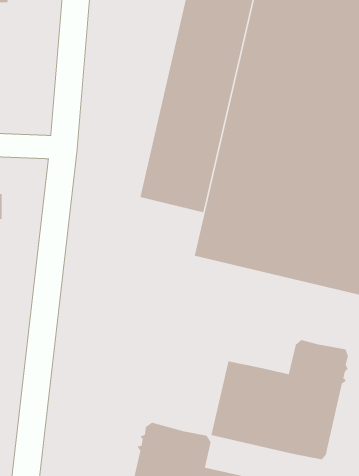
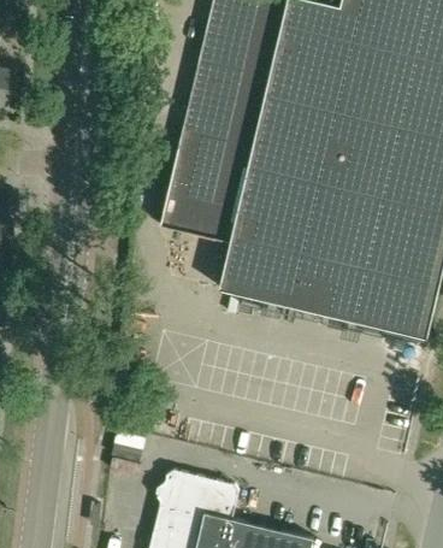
building: [210,339,349,460] -> none

